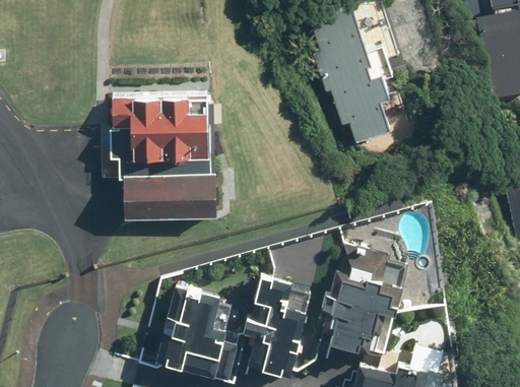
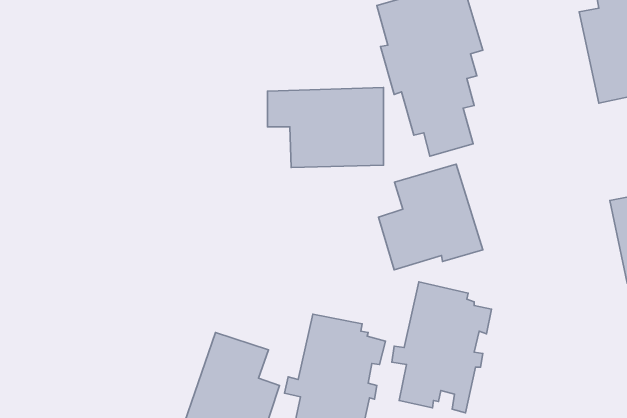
building: [114,96,209,163] -> [268,87,384,168]
building: none -> [378,164,483,270]
building: [124,174,218,220] -> none

